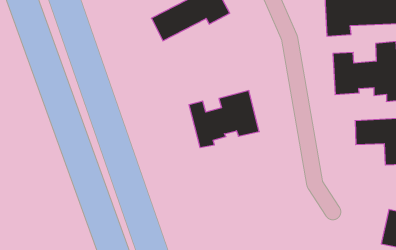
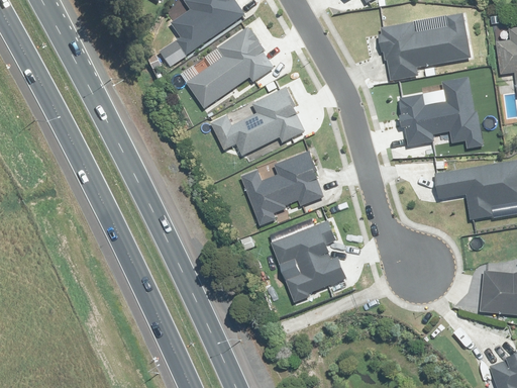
building: none -> [212,89,306,156]
building: none -> [271,219,346,302]

